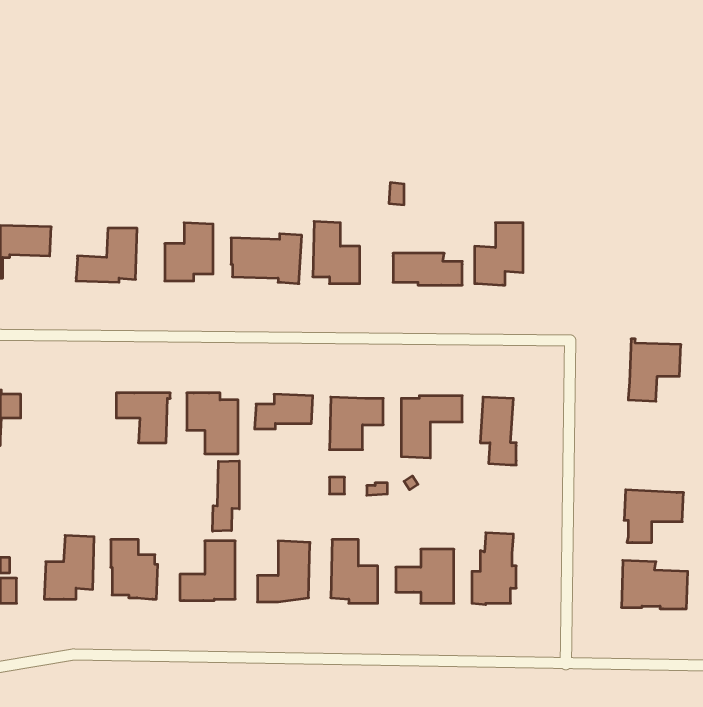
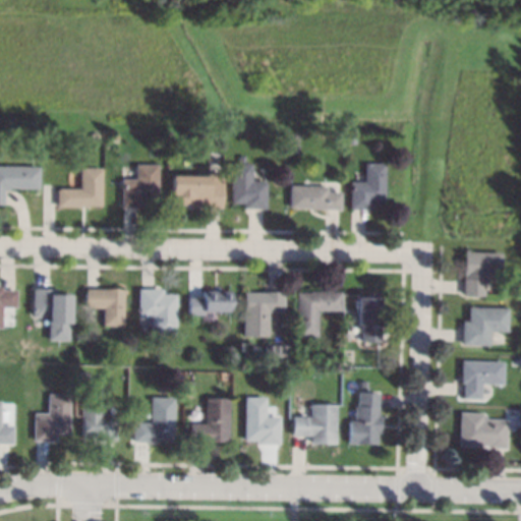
building: none -> [35,289,73,341]
building: none -> [463,307,510,345]
building: [213,461,239,531] -> none

